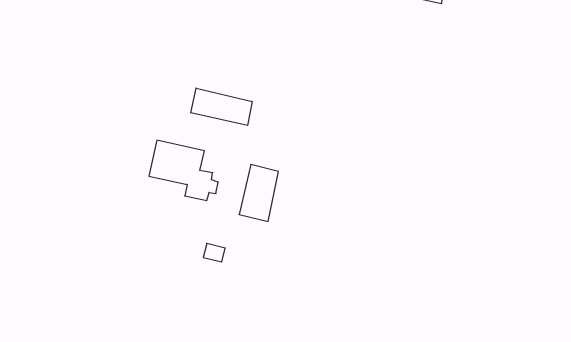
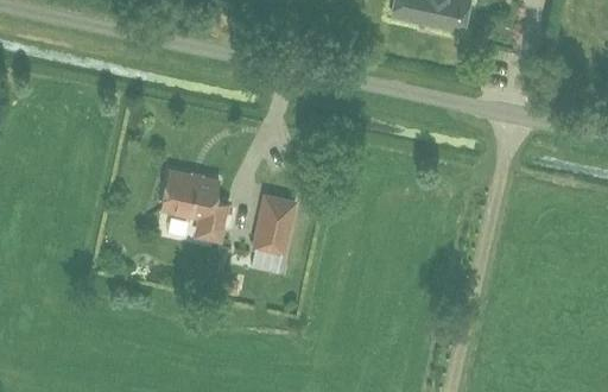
building: [191,88,252,125] -> none

